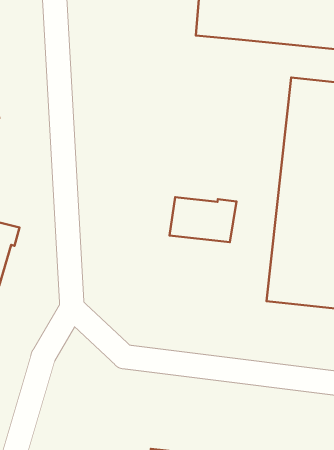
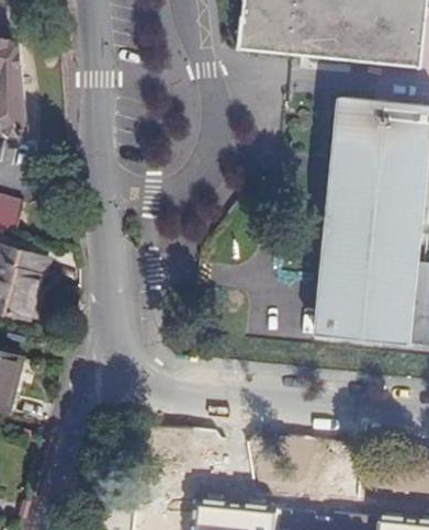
building: [169,197,237,242] -> none

